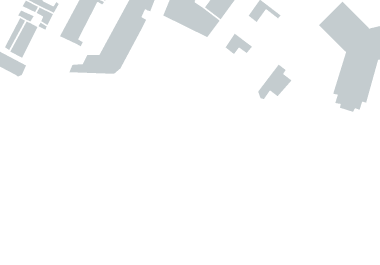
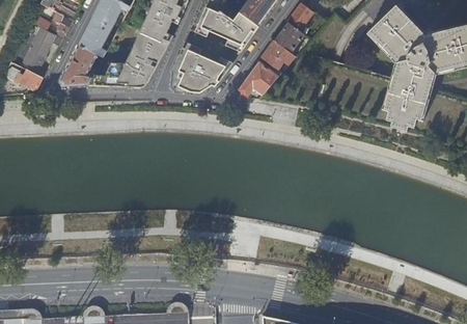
building: none -> [274,23,304,54]
building: none -> [59,46,98,87]
building: none -> [170,47,228,94]
building: [257,63,292,100] -> [239,58,278,99]

